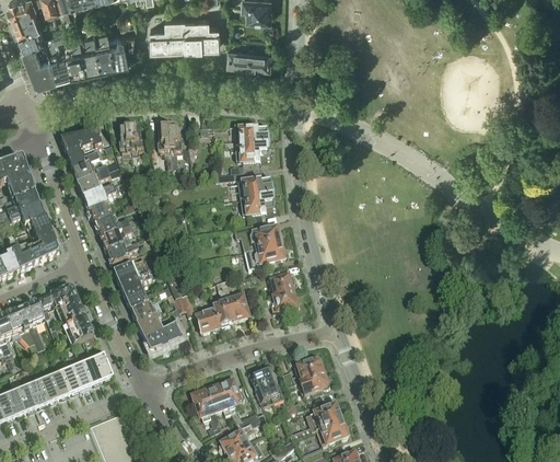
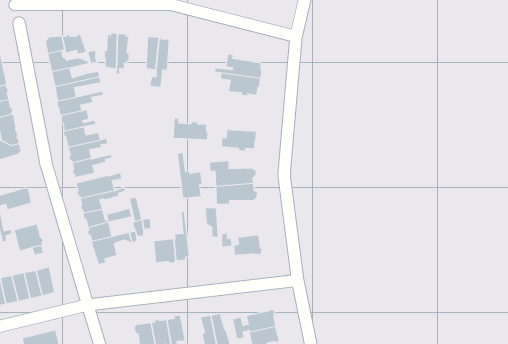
building: [240,178,275,198] -> [173,118,208,140]
building: [269,267,295,296] -> none
building: [220,278,249,321] -> [177,153,202,198]
building: [55,297,84,325] -> none
building: [148,325,183,351] -> none

